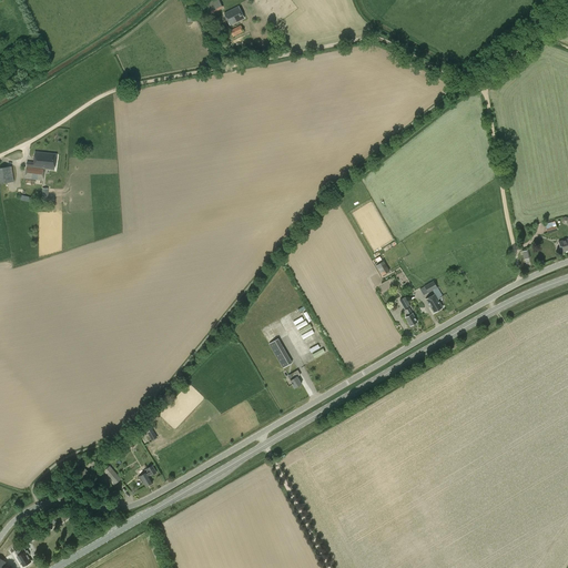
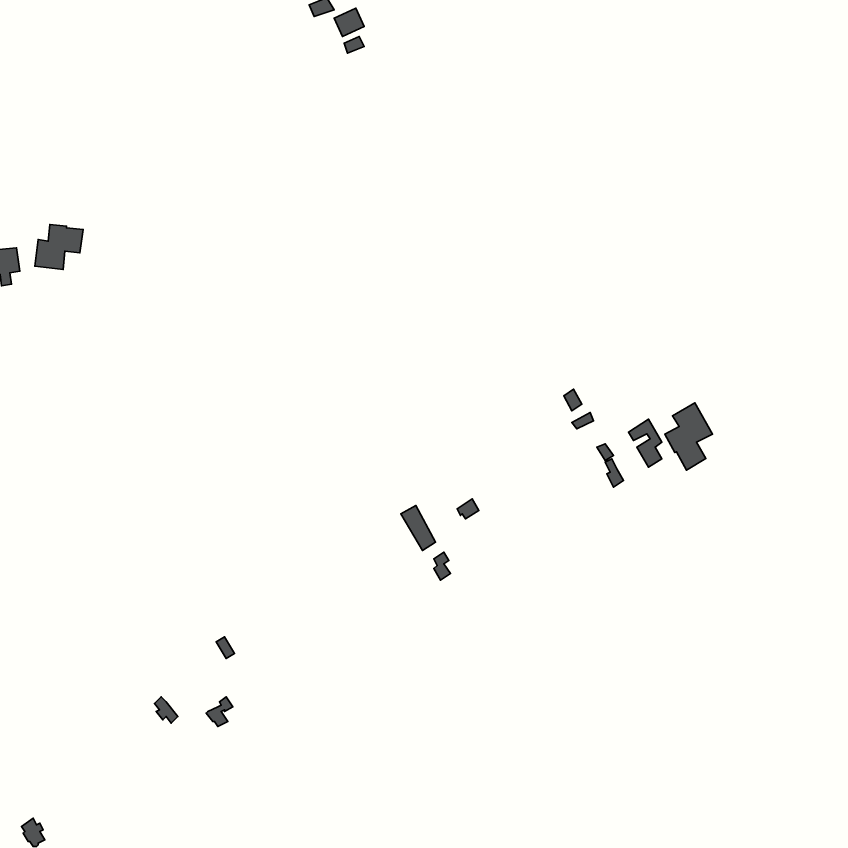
building: none -> [665,403,712,470]

